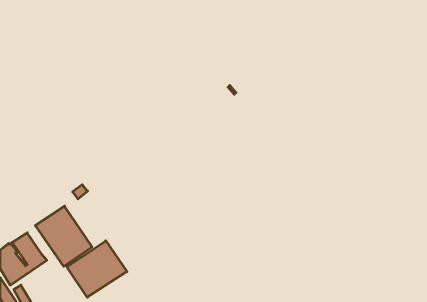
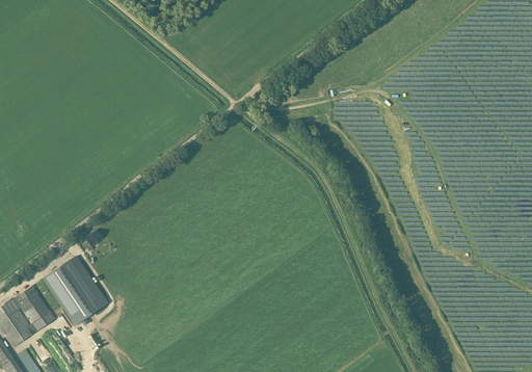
building: [67,241,127,297] -> none

